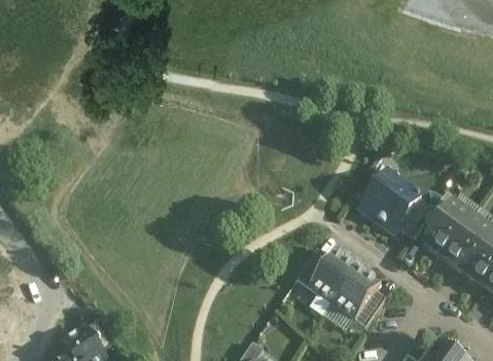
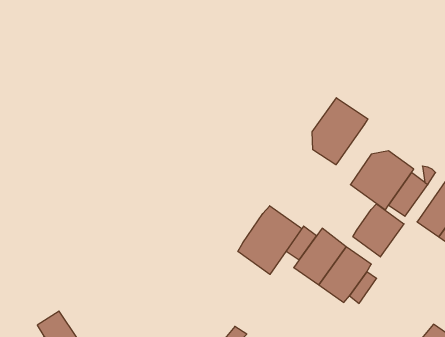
building: none -> [312,98,368,165]
building: none -> [353,204,404,257]
building: none -> [238,206,302,274]

